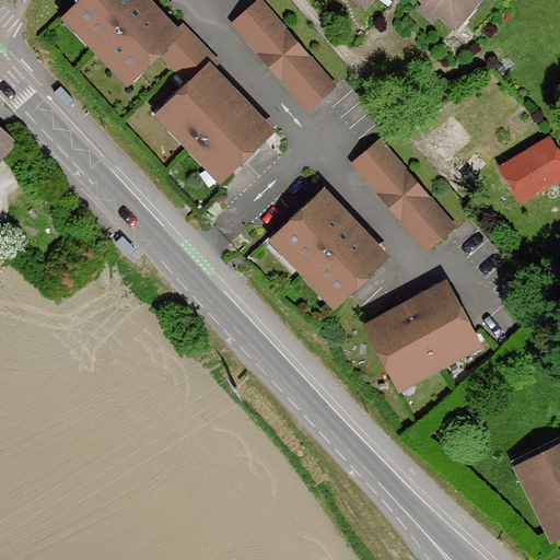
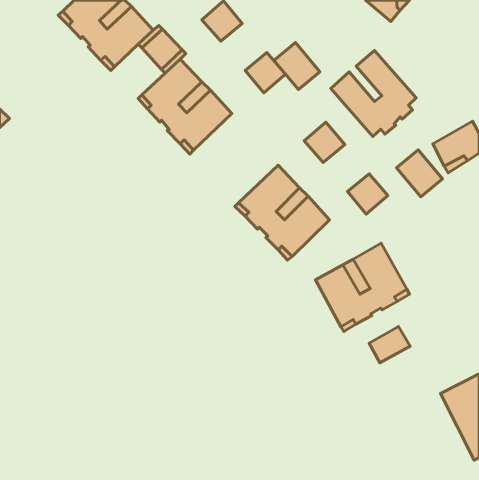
building: [257,27,311,82] -> [274,43,320,90]
building: none -> [331,50,416,137]
building: [376,168,430,223] -> [396,150,442,197]
building: none -> [369,327,410,363]

